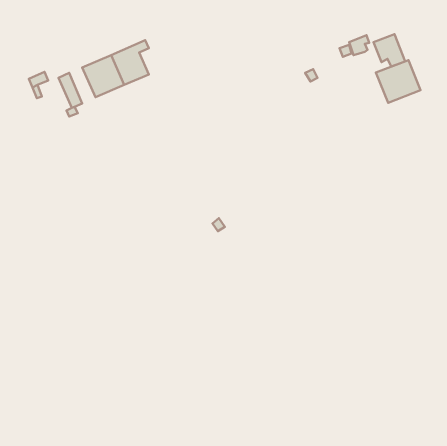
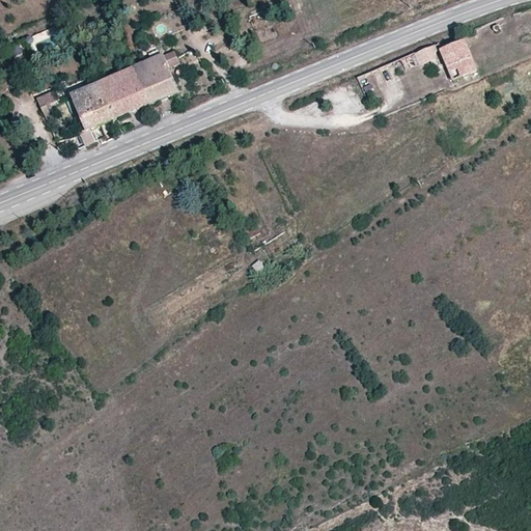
building: [376,60,421,103] -> none
building: none -> [82,80,113,122]

